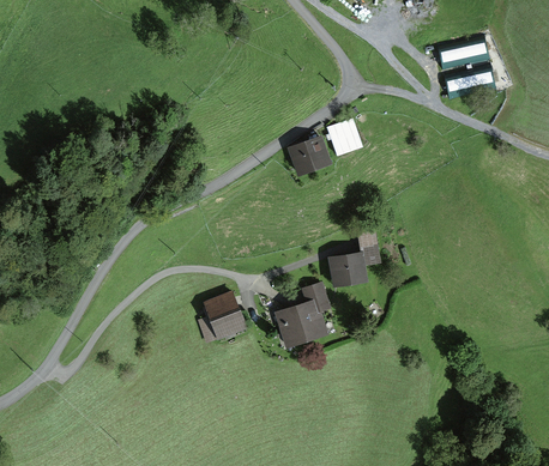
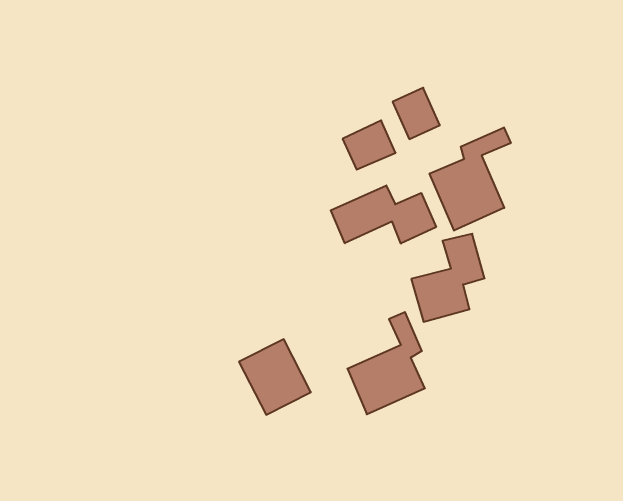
building: none -> [430,127,511,231]
building: none -> [331,185,436,244]

